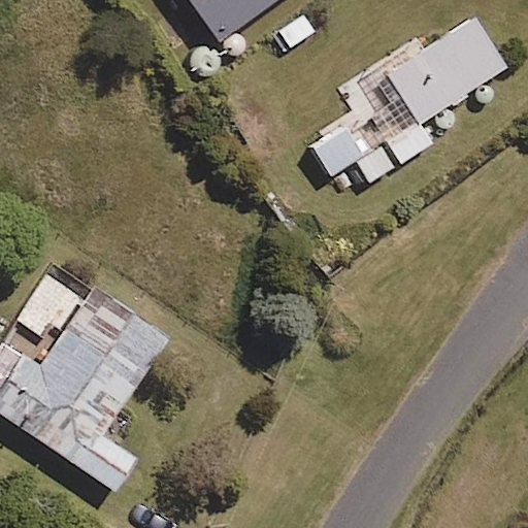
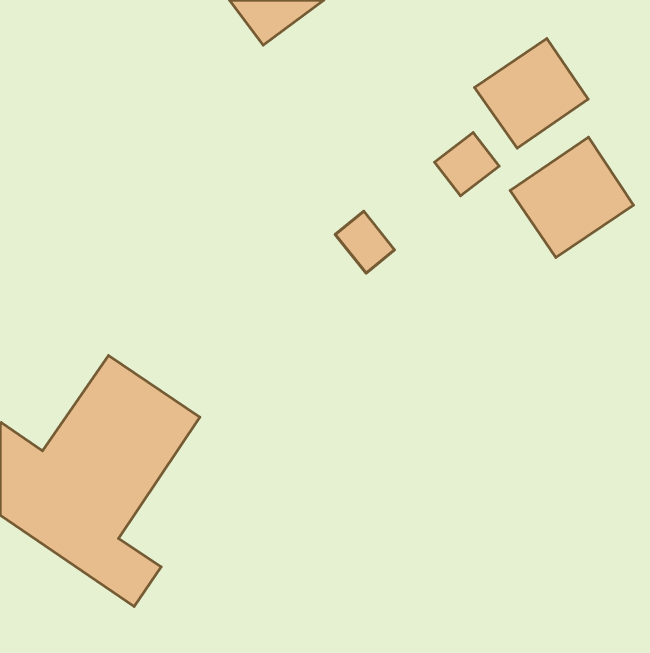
building: none -> [510,137,634,257]

